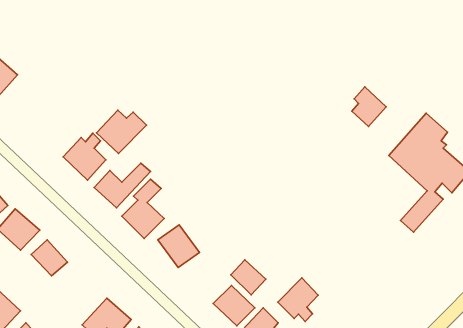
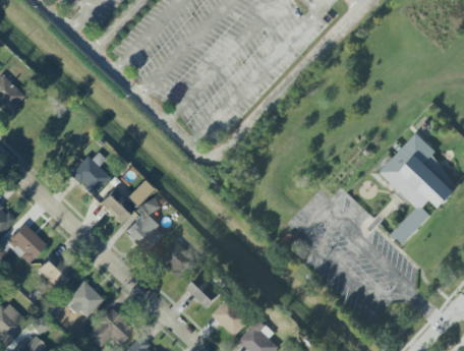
building: [352,87,386,126] -> none
building: [96,110,146,154] -> none
building: [231,260,266,295] -> [187,275,221,308]
building: none -> [63,281,103,317]
building: [278,278,318,321] -> none

